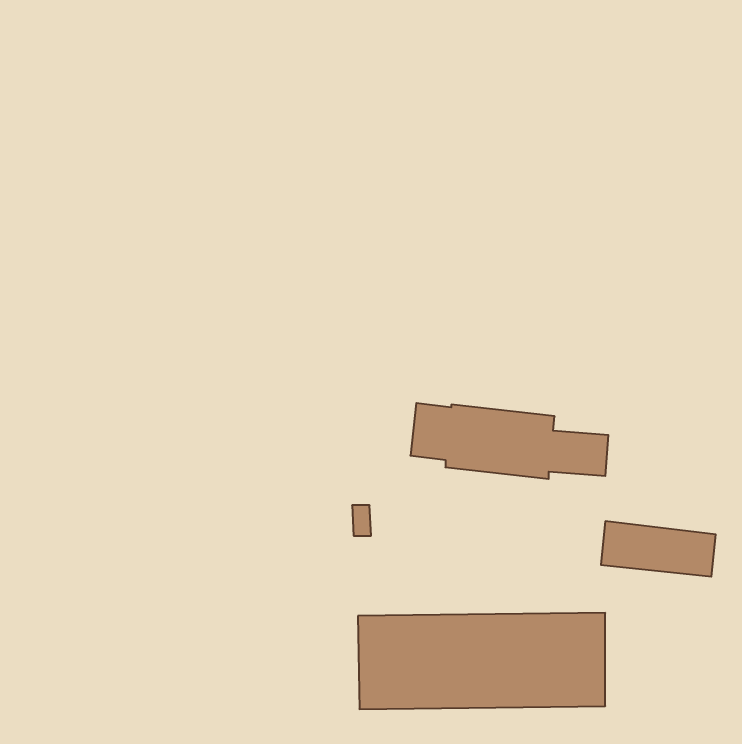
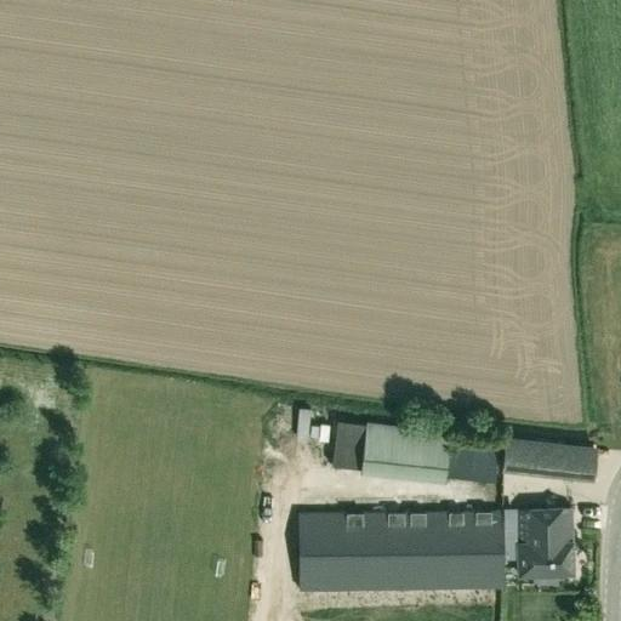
building: [410,403,608,479] -> [334,421,498,484]
building: none -> [519,508,575,574]

